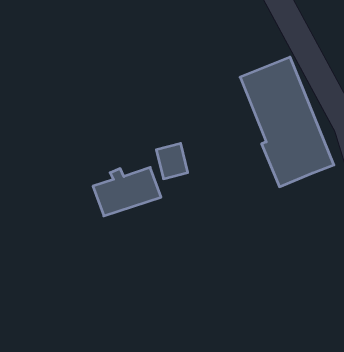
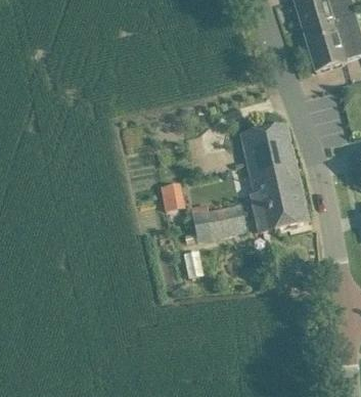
building: [93,167,161,216] -> [193,198,250,236]

